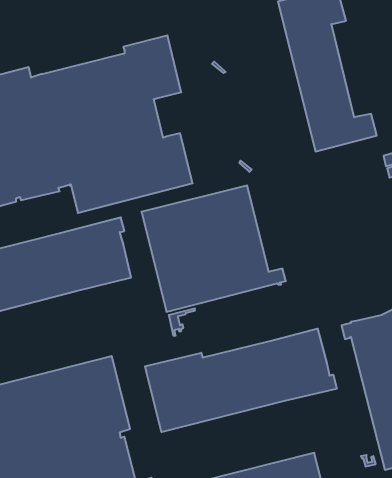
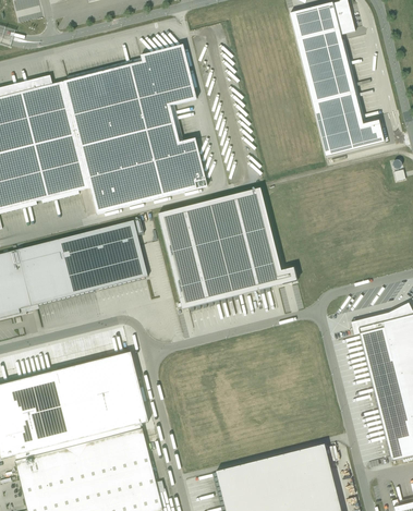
building: [145,329,337,432] -> none

